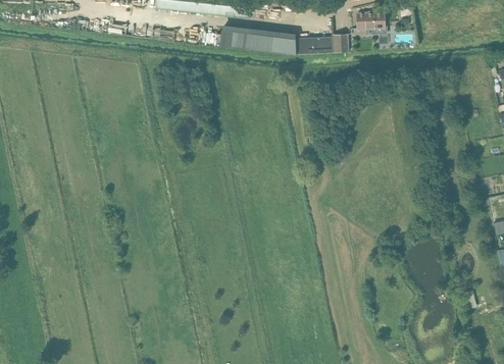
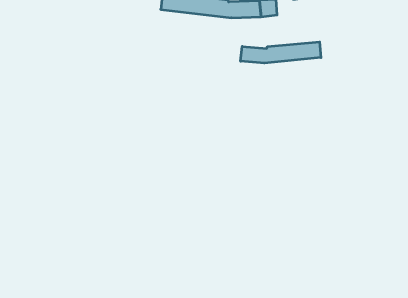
building: none -> [241,42,321,63]

